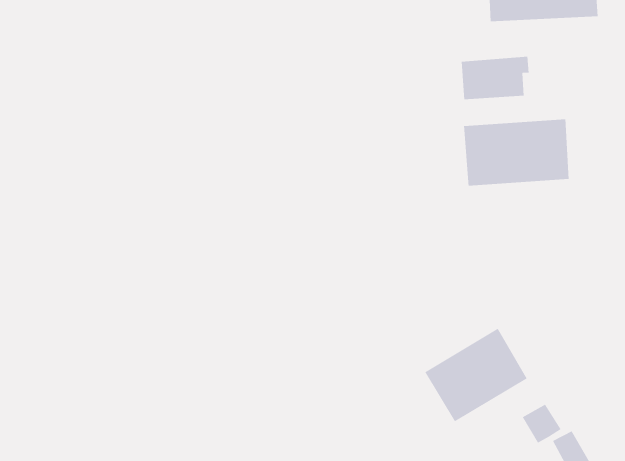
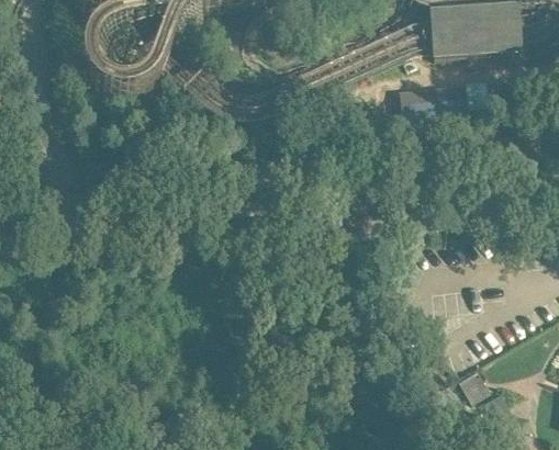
building: [464,118,569,186] -> none
building: [424,328,528,422] -> none

